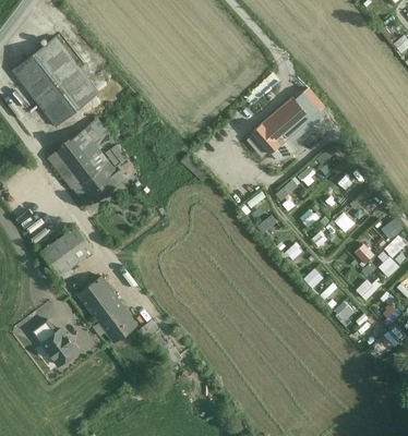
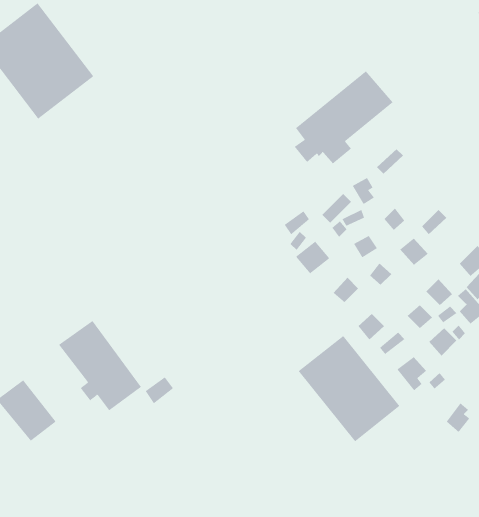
building: [51,116,131,202] -> none
building: [45,222,97,272] -> none
building: none -> [298,335,400,442]

